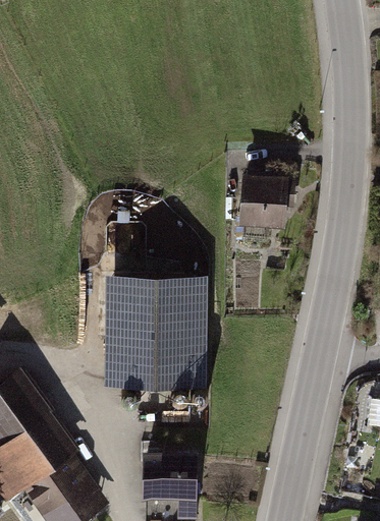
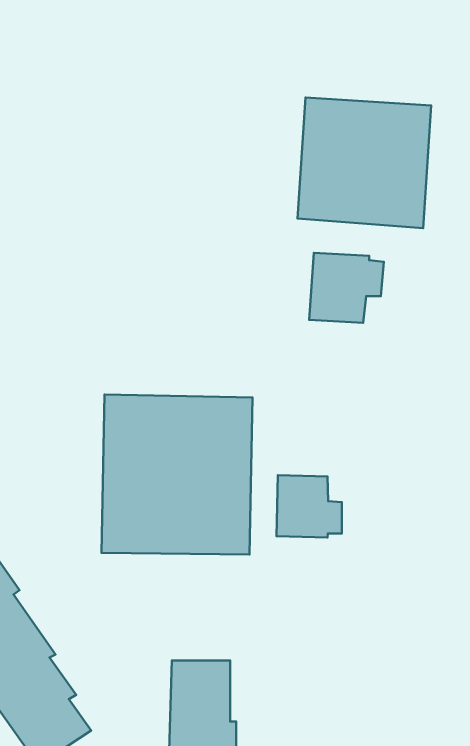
building: none -> [297,97,431,228]
building: none -> [277,475,342,538]

